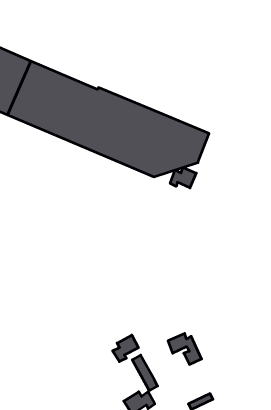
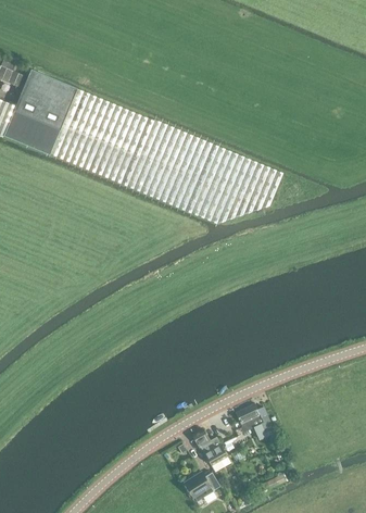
building: [170,168,196,188] -> none
building: [113,335,138,362] -> none

